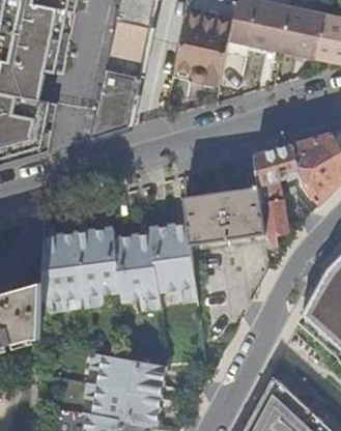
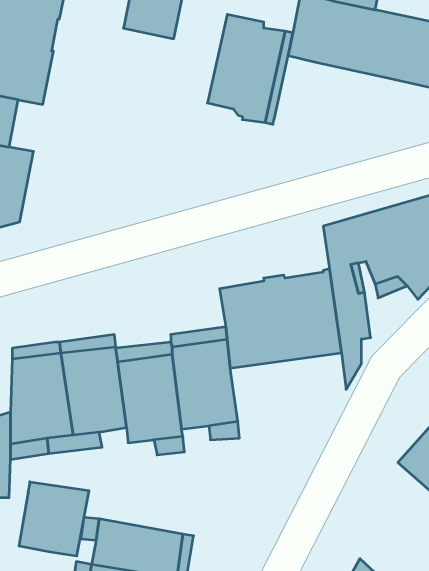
building: [90,20,151,137] -> none
building: none -> [19,482,89,556]

